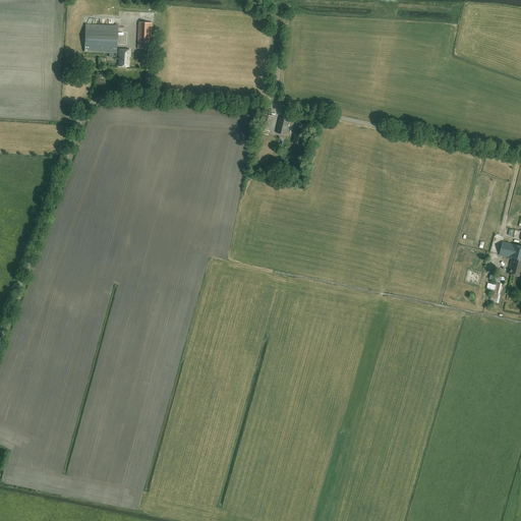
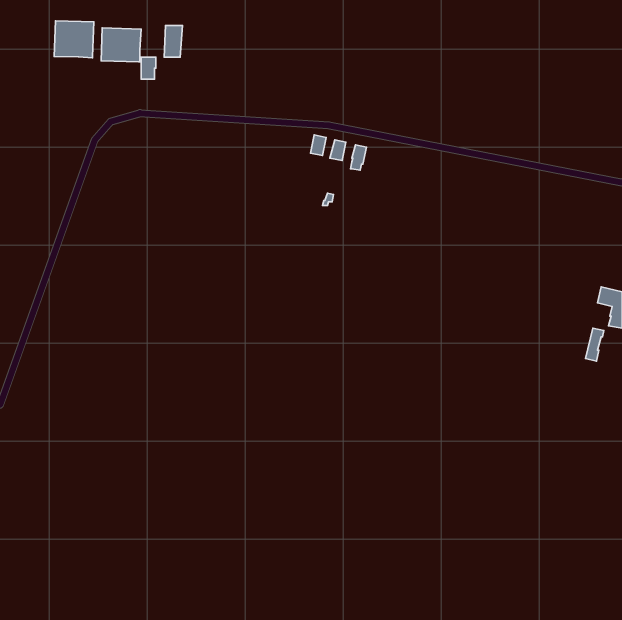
building: none -> [54,21,94,58]

